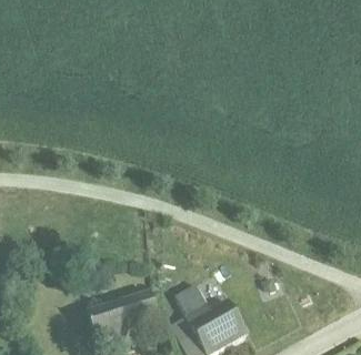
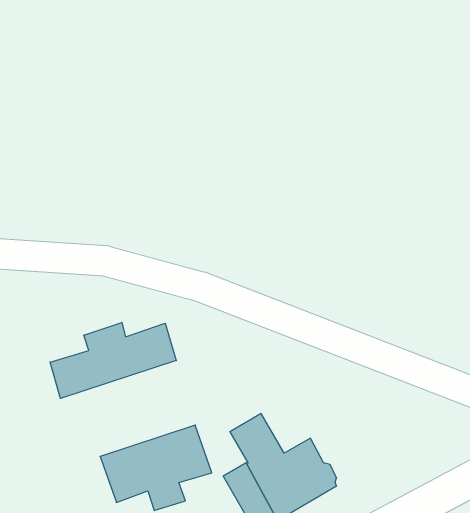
building: none -> [50,322,176,398]

